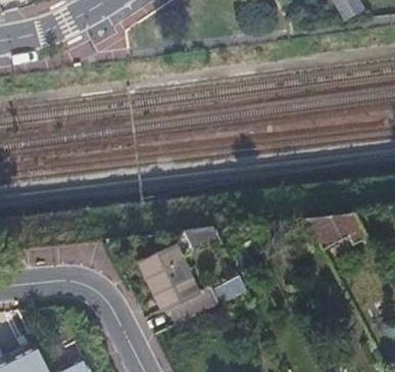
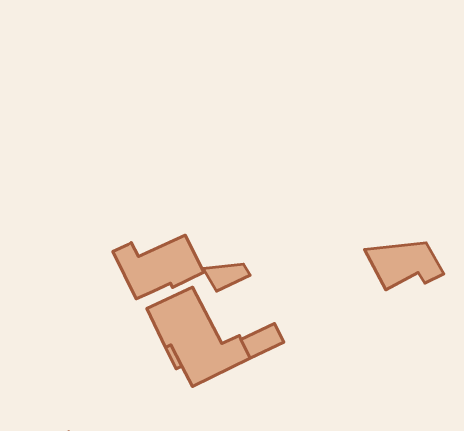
building: none -> [113,235,204,299]

